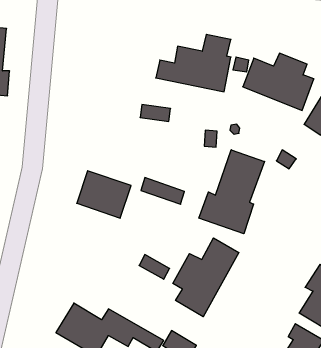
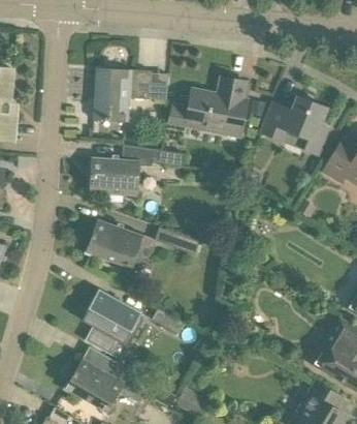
building: none -> [94,69,152,119]
building: none -> [90,156,140,194]
building: [199,150,265,234] -> none
building: none -> [82,289,141,357]
building: [173,238,239,317] -> none

